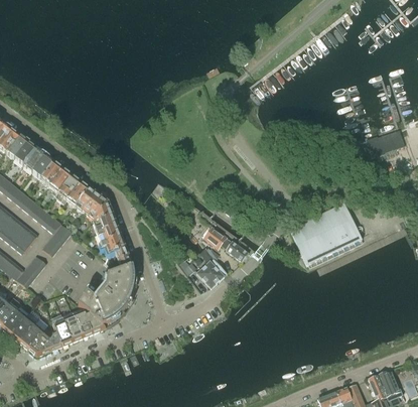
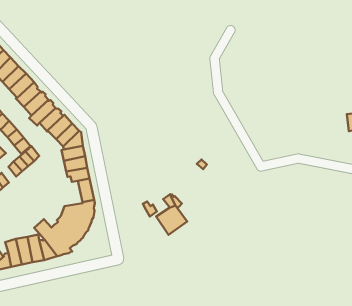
building: [289,201,362,265] -> none
building: [202,226,248,261] -> none

